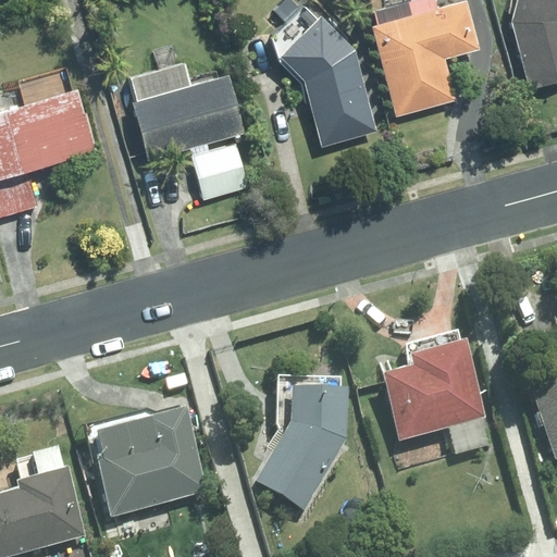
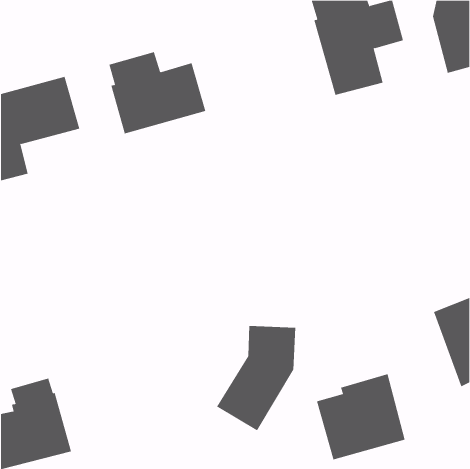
building: [282,14,376,145] -> none
building: [189,145,246,200] -> none
building: [382,338,487,441] -> [316,374,405,460]
building: [97,406,210,516] -> none

